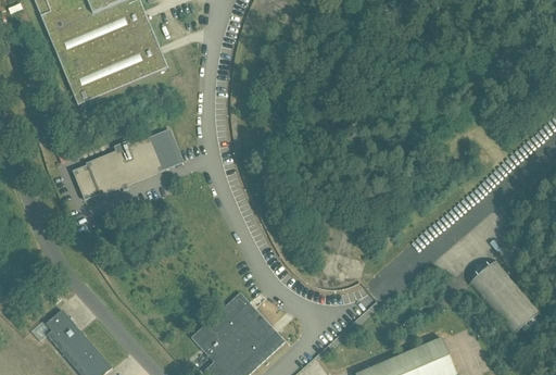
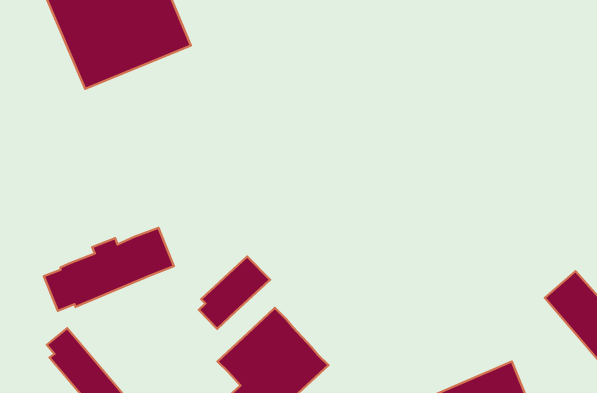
building: [72,128,182,199] -> [44,228,174,311]
building: none -> [199,256,270,329]

